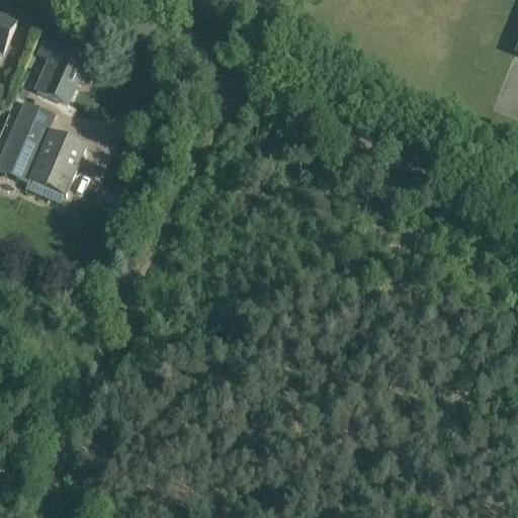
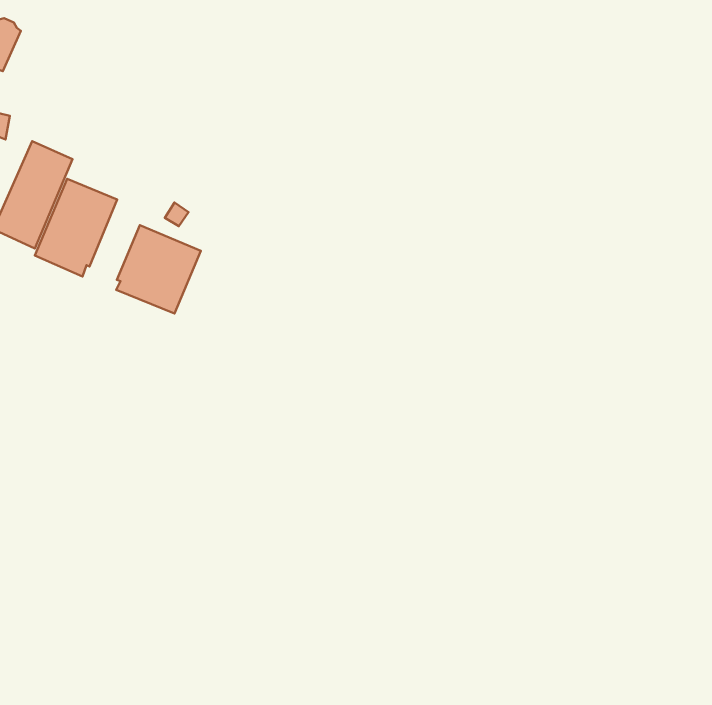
building: [35,35,88,102] -> none
building: none -> [116,225,201,313]

